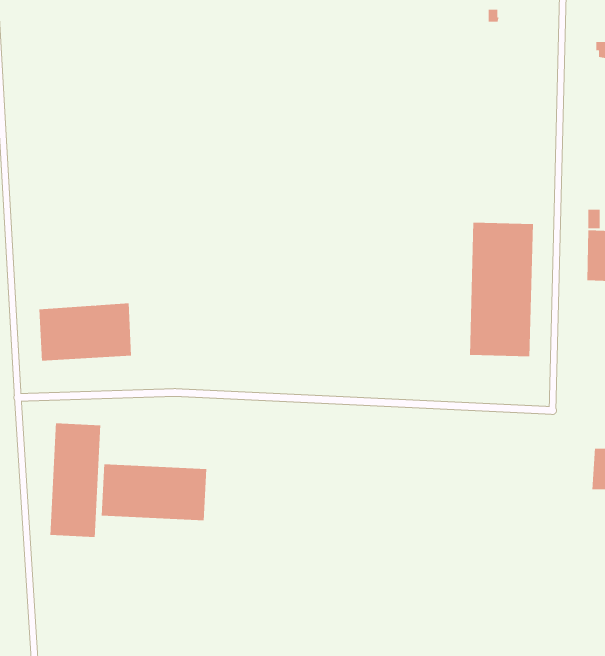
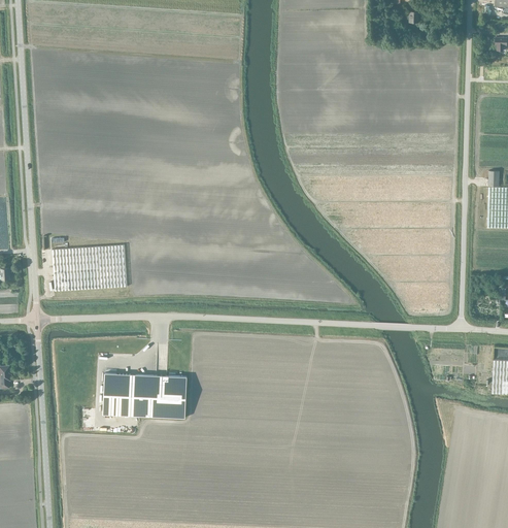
building: [469,222,533,357] -> none
building: [50,423,101,538] -> none

